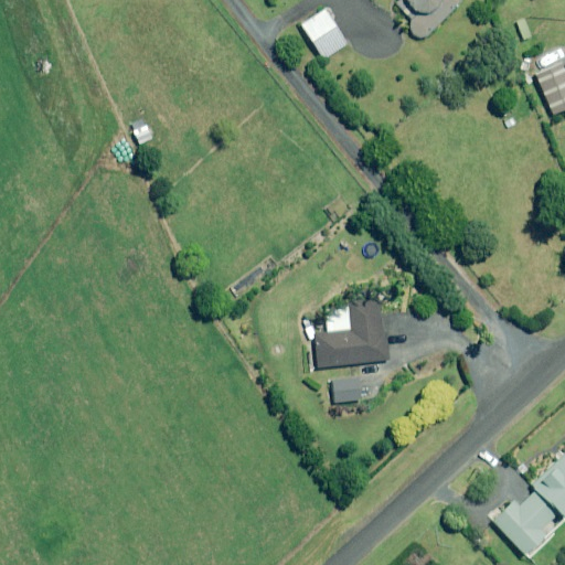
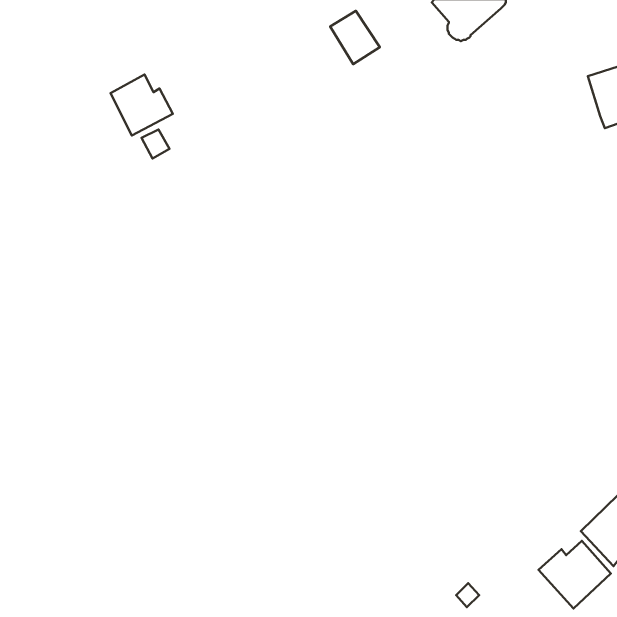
building: none -> [110,75,173,135]
building: [316,299,392,367] -> none
building: [334,377,362,402] -> none

